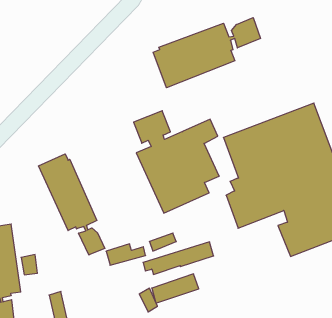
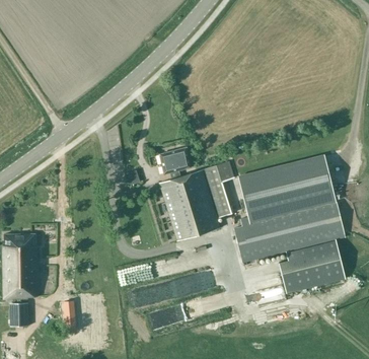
building: [153,18,260,88] -> none
building: [38,154,105,255] -> none

